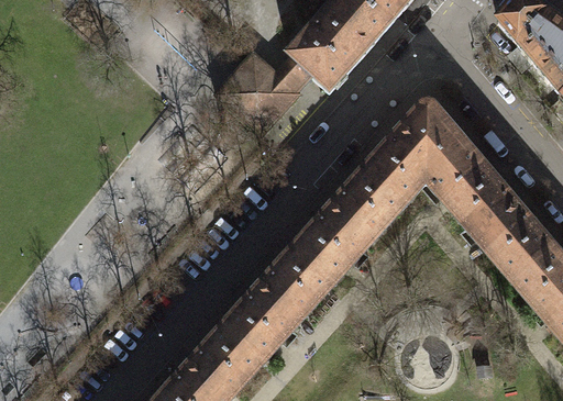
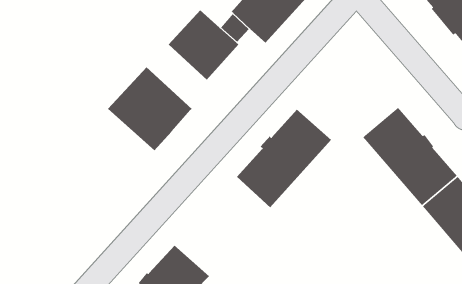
building: [366,100,484,200] -> none
building: none -> [107,67,193,151]
building: [224,243,335,358] -> none

